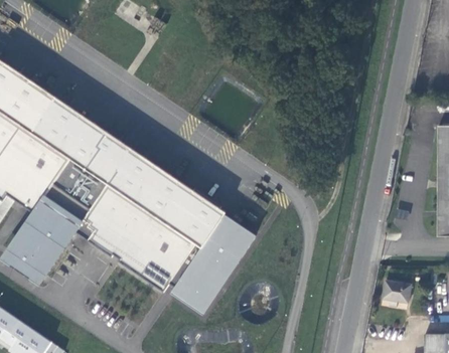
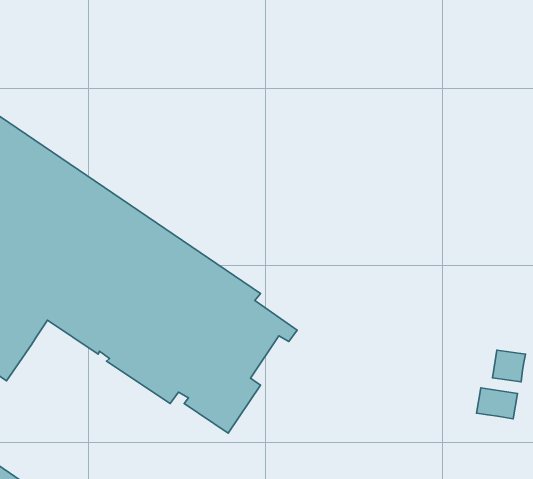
building: none -> [492,350,525,382]

